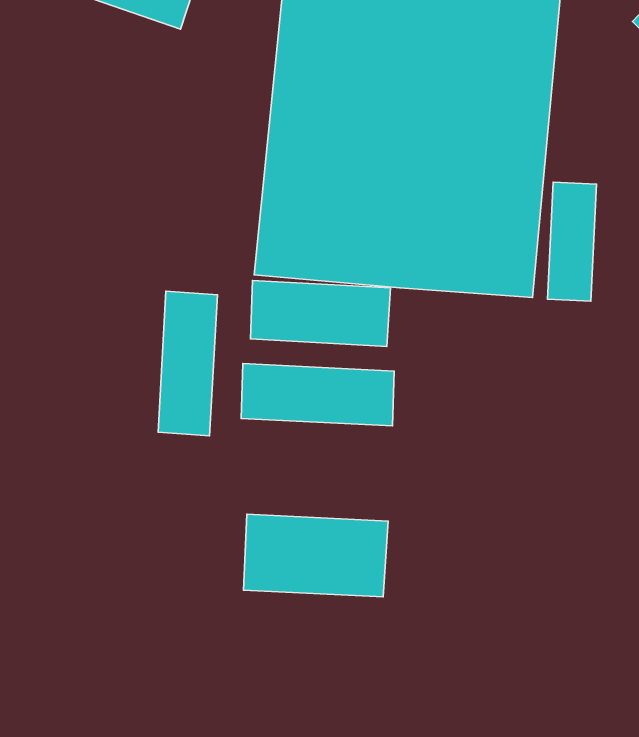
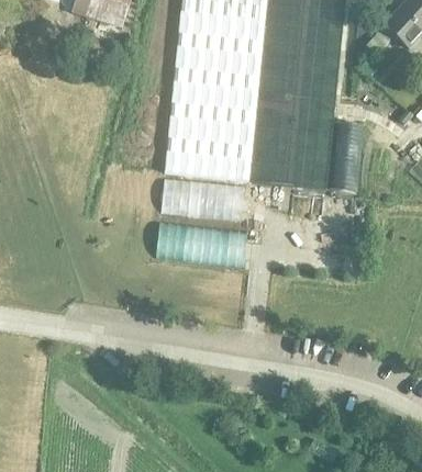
building: [158,291,217,436] -> none
building: [244,514,388,597] -> none

